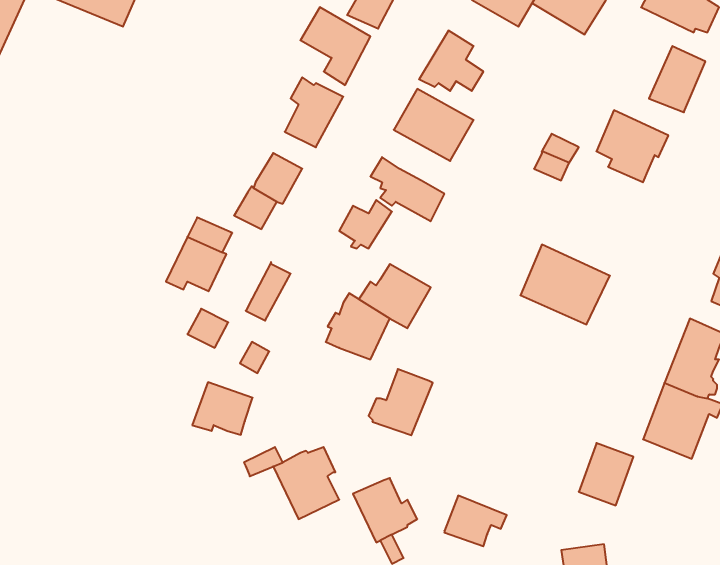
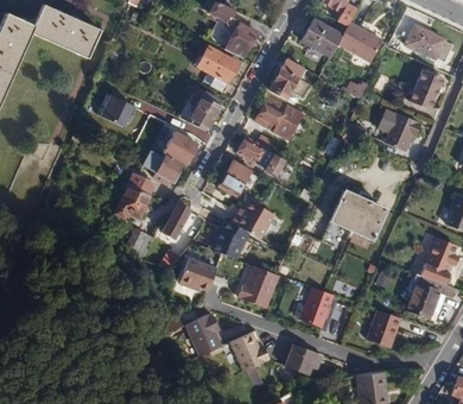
building: none -> [96,91,133,126]
building: [192,382,253,435] -> [178,257,215,289]
building: none -> [294,286,334,326]

